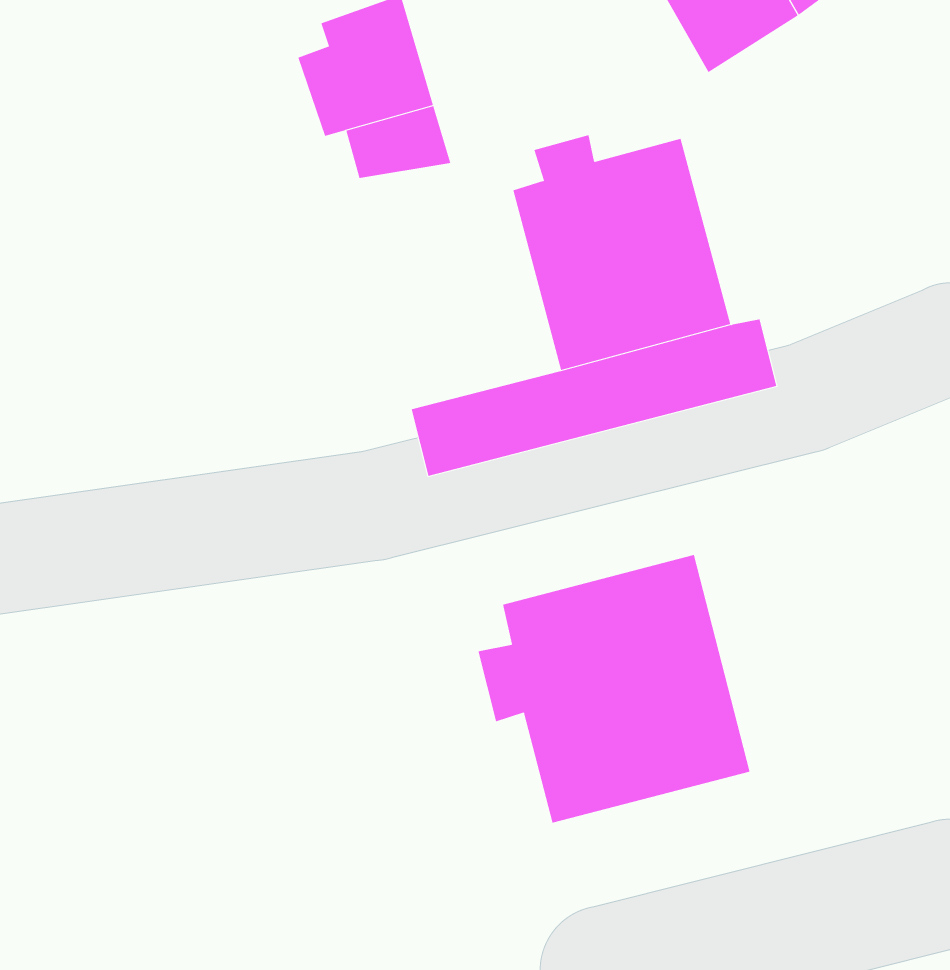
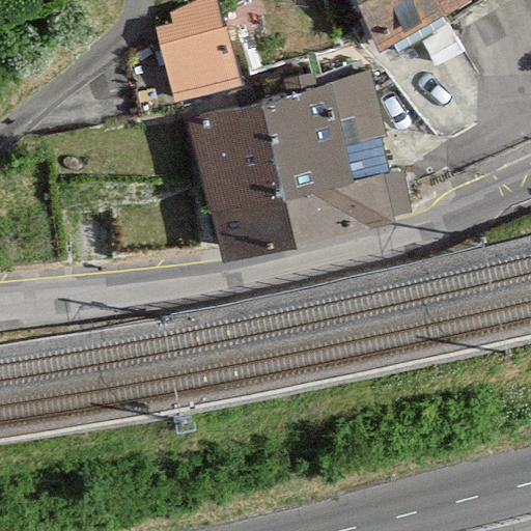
building: none -> [194,103,303,224]
building: [478,554,750,823] -> none

